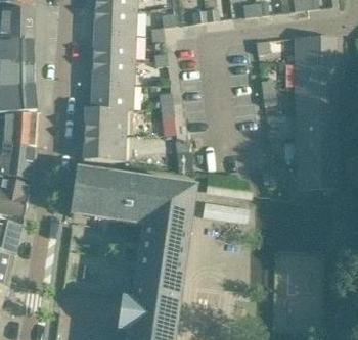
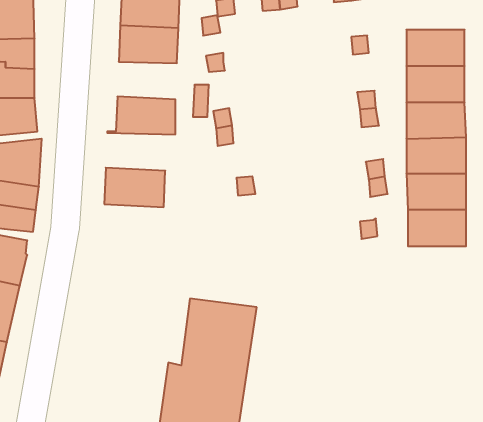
building: [92,58,134,85] -> none
building: [84,108,133,135] -> none
building: [72,168,196,231] -> none

